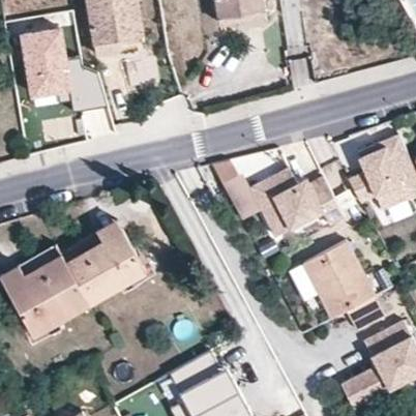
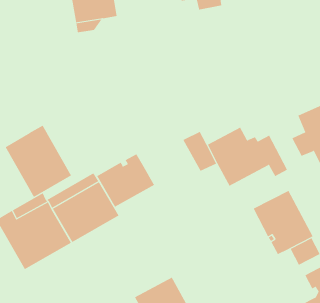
building: [23,28,108,112] -> none
building: none -> [5,125,72,198]
building: none -> [96,153,155,208]

